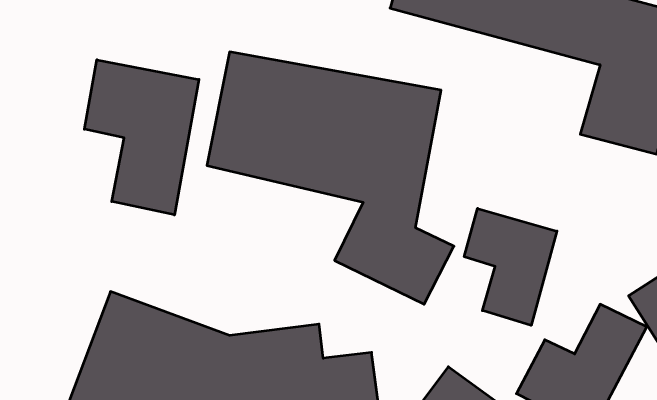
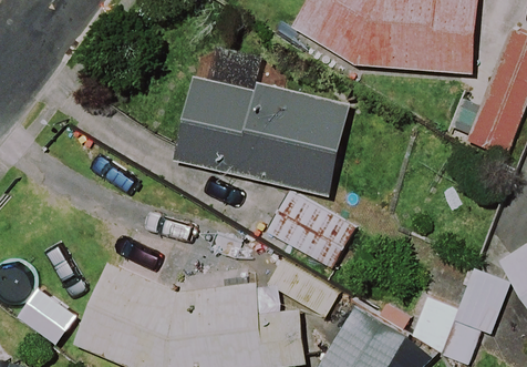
building: [84,60,199,215] -> none
building: [464,208,557,325] -> none

